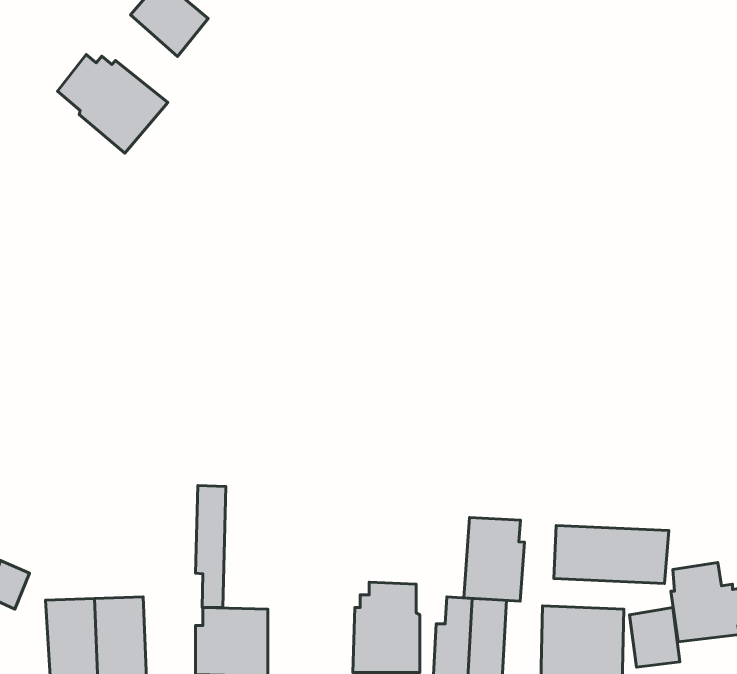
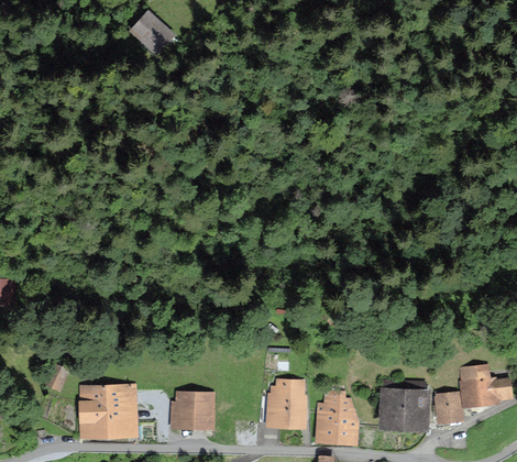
building: [57,54,168,153] -> none
building: [195,486,226,608] -> none
building: [464,517,524,601] -> none
building: [554,526,669,583] -> none

